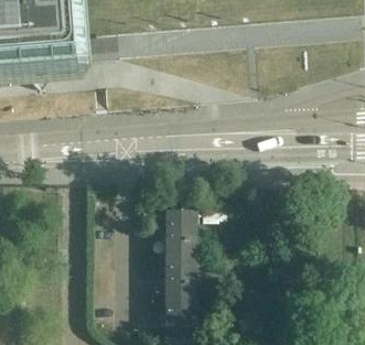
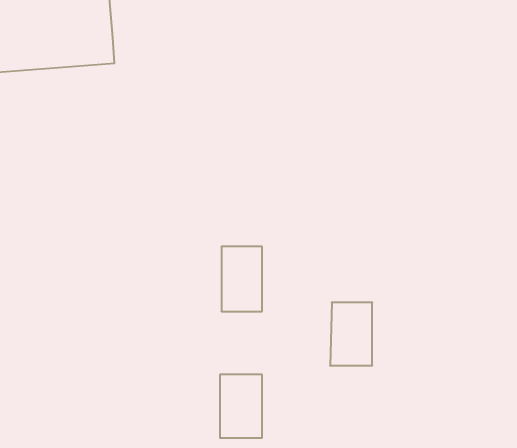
building: [162,244,191,287] -> [330,302,372,366]

